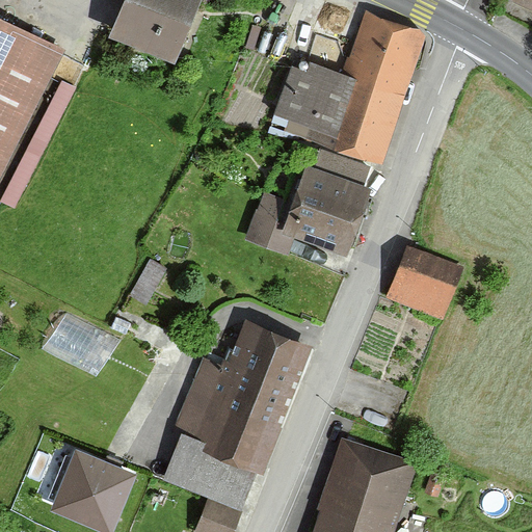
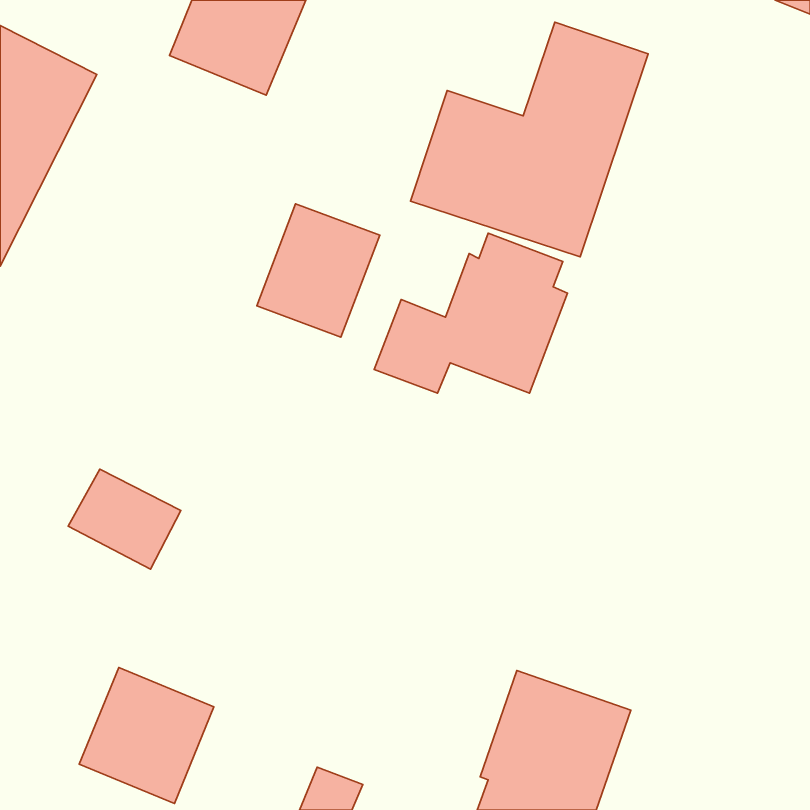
building: none -> [257,204,380,337]
building: [385,248,461,322] -> none
building: [140,320,314,513] -> none

